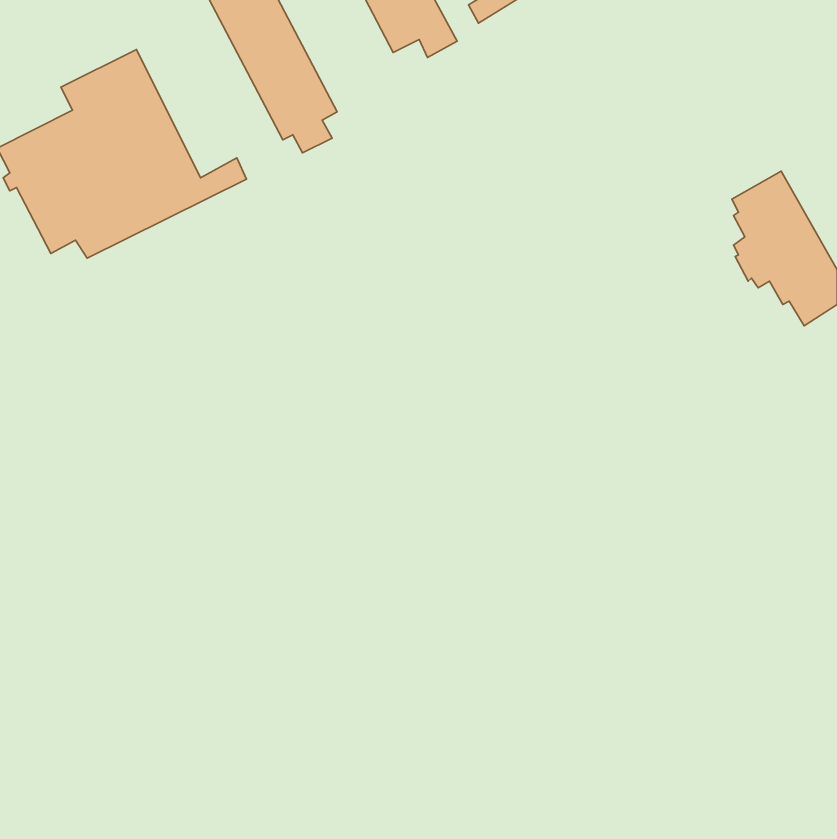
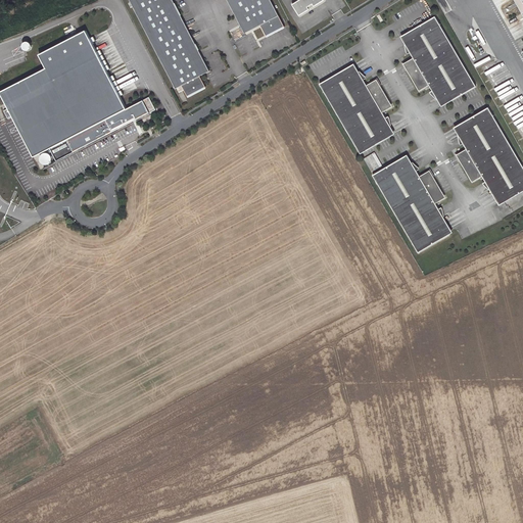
building: none -> [401,16,473,105]
building: none -> [318,64,389,152]
building: none -> [372,155,446,251]

